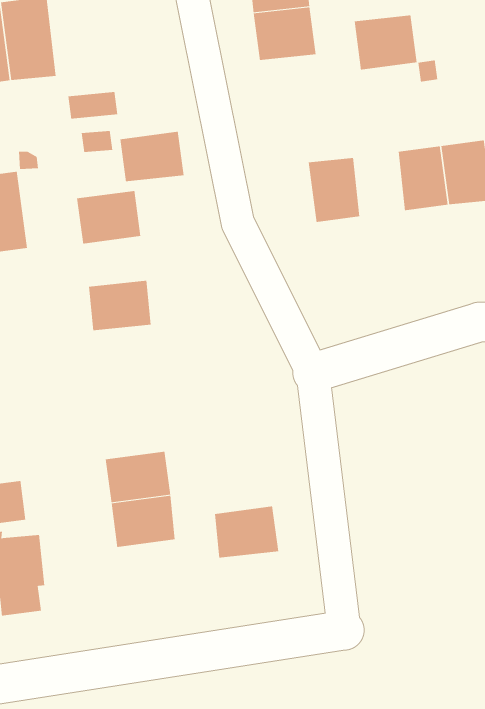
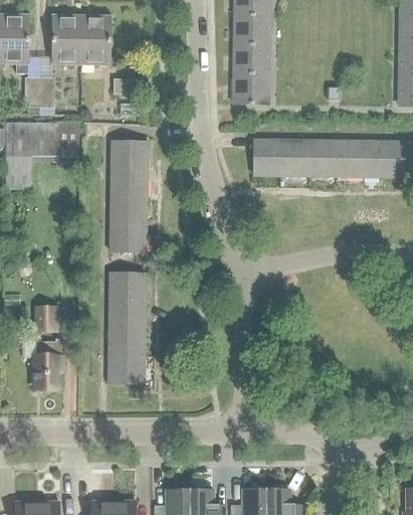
building: [354,15,418,70] -> [233,73,268,104]
building: [120,131,184,182] -> [112,170,148,197]
building: none -> [281,140,309,176]
building: none -> [110,223,147,251]
building: none -> [108,274,146,302]
building: [214,506,279,558] -> [107,356,144,384]

